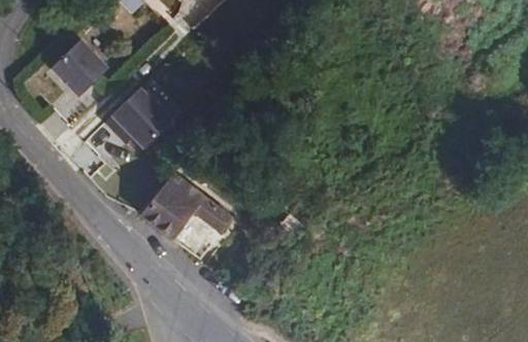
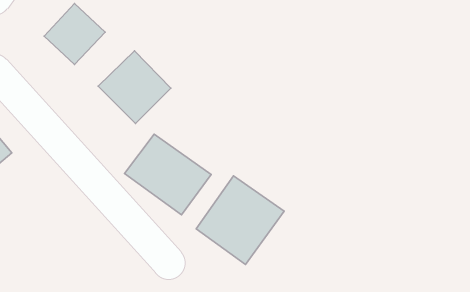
building: none -> [196,176,284,264]

